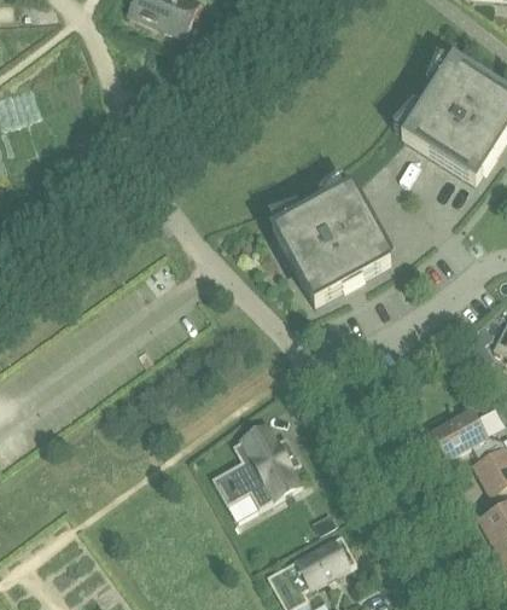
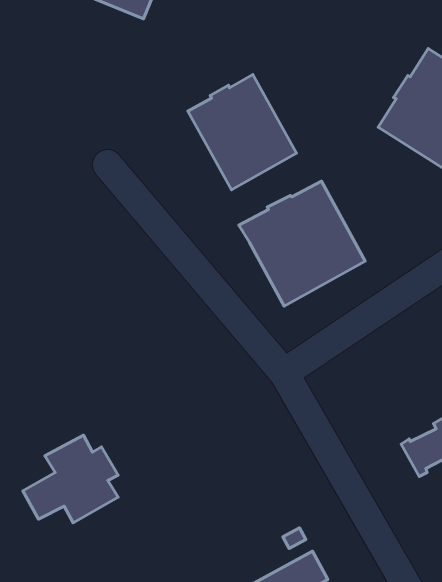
building: none -> [188,75,297,190]
building: [211,423,301,505] -> [23,435,118,523]

